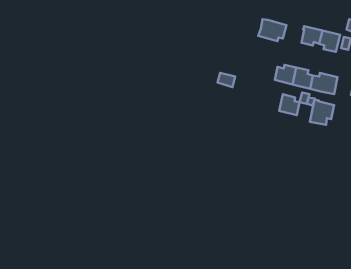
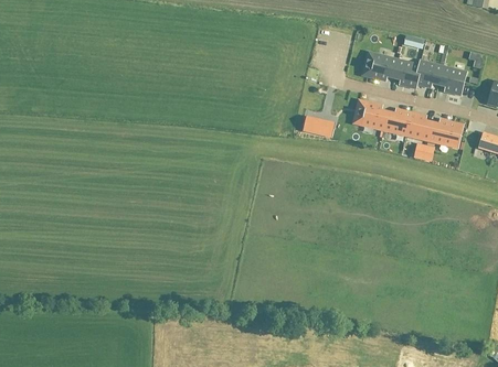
building: none -> [394,61,421,87]
building: [279,94,300,115] -> [362,102,388,129]
building: [310,99,334,125] -> none

